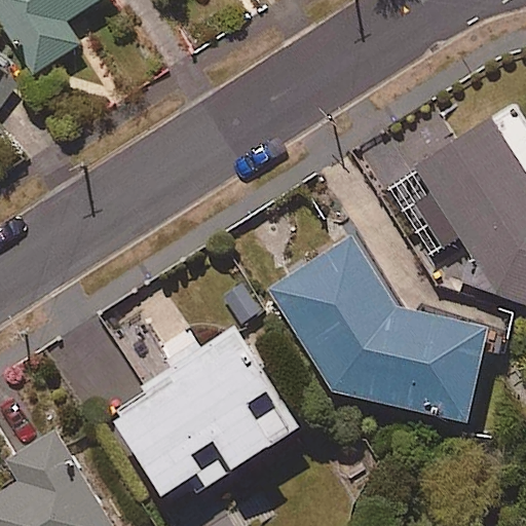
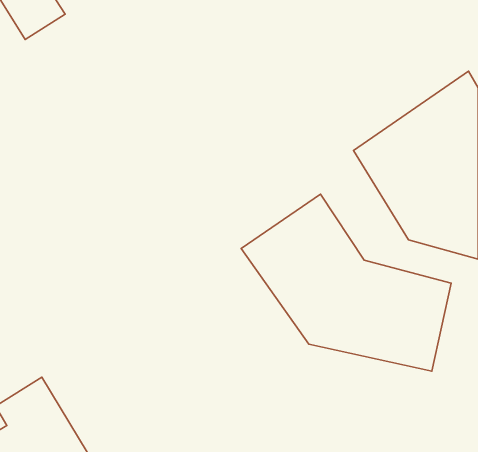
building: [109,329,300,499] -> none

